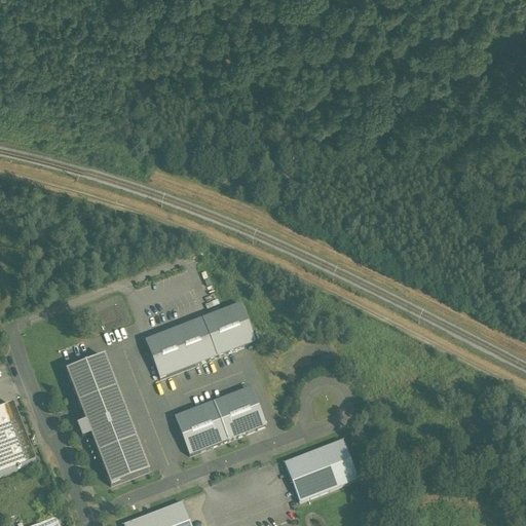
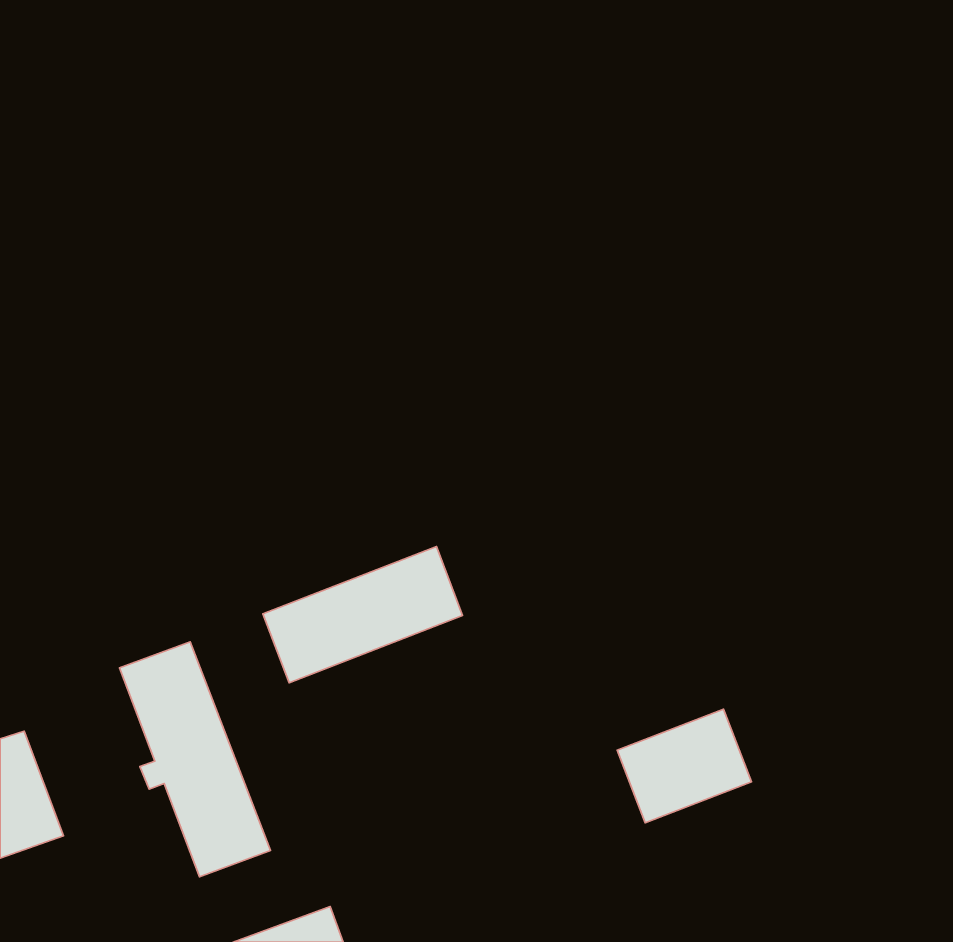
building: [175,384,266,453] -> none
building: [284,437,358,499] -> [617,709,751,823]

